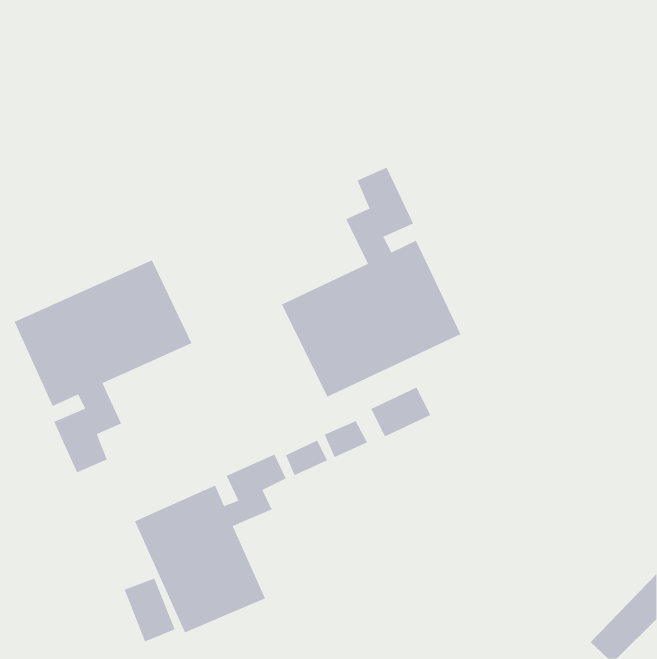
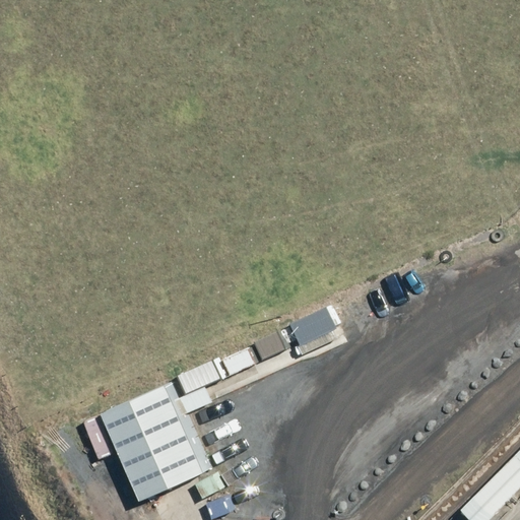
building: [281,167,461,398] -> none
building: [14,259,192,473] -> none

